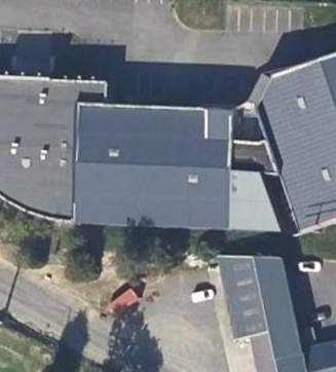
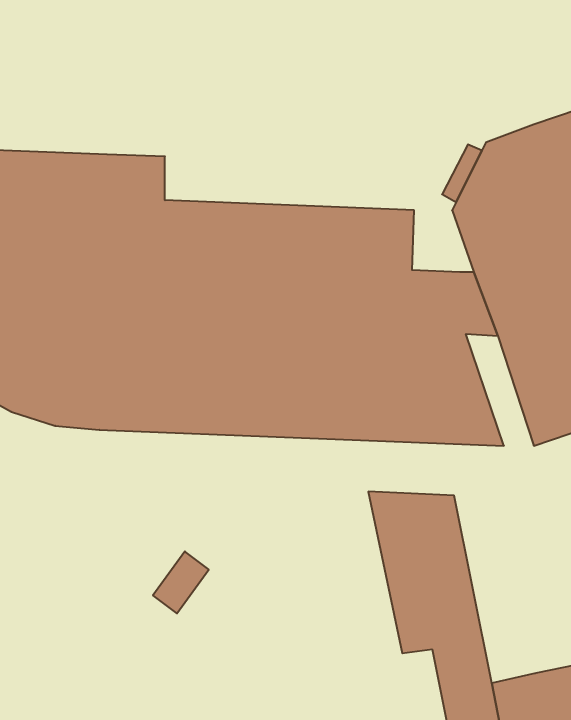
building: [259,256,301,352] -> none

